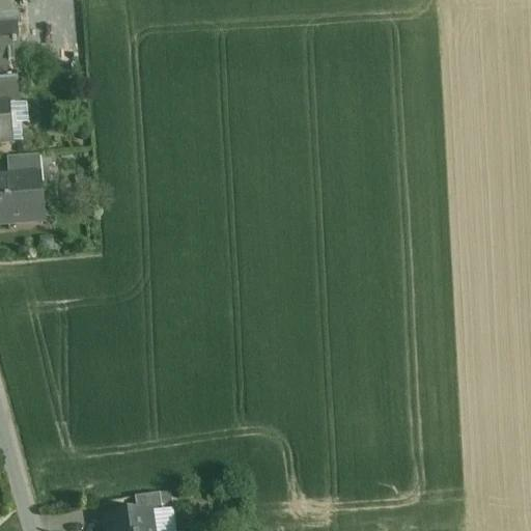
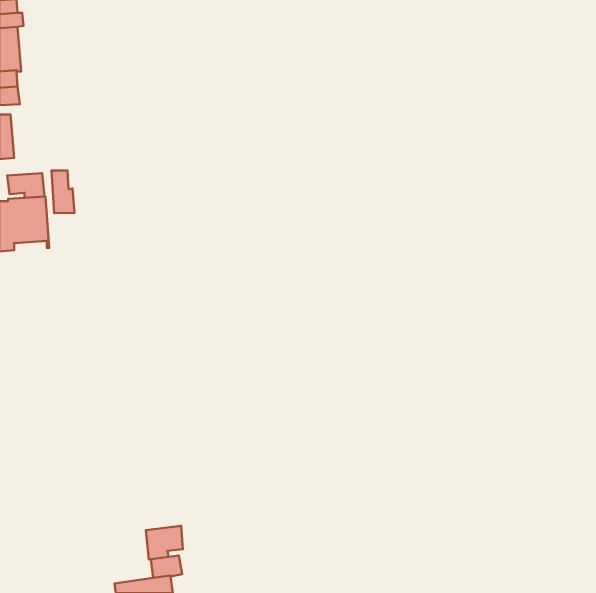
building: none -> [51,170,74,213]
building: none -> [146,526,183,559]

